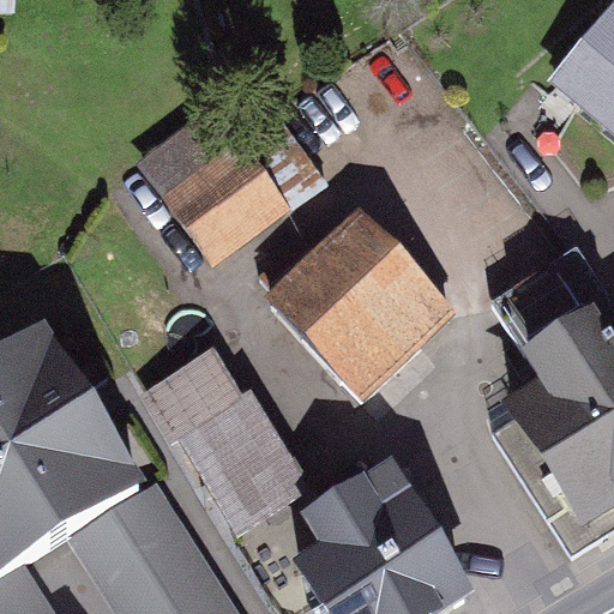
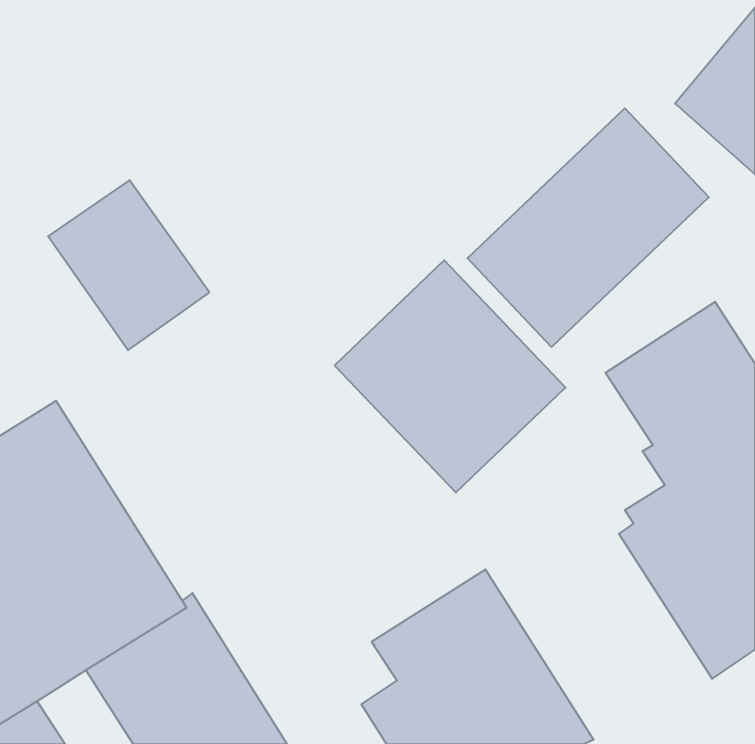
building: none -> [467,108,709,347]
building: [150,119,281,257] -> [48,180,209,350]
building: [145,355,297,531] -> none

